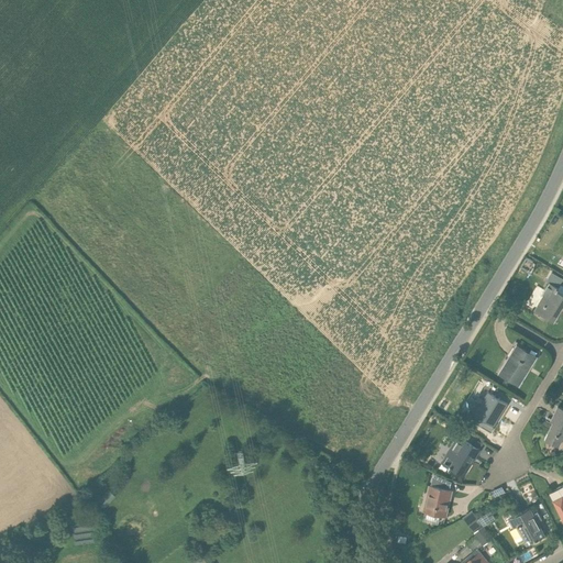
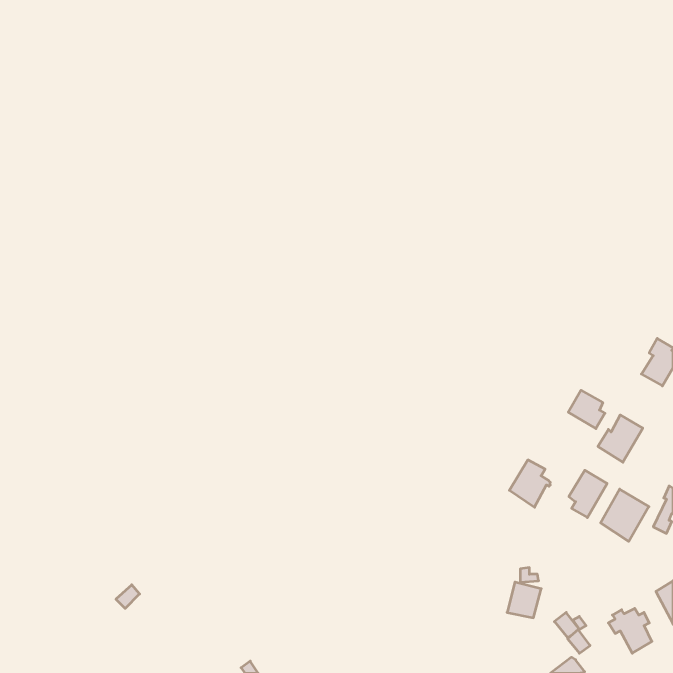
building: none -> [568,390,605,429]
building: none -> [601,489,649,541]
building: [442,437,476,476] -> [509,460,550,507]

